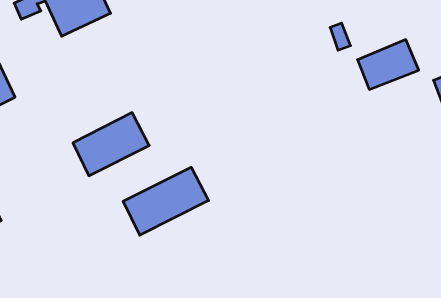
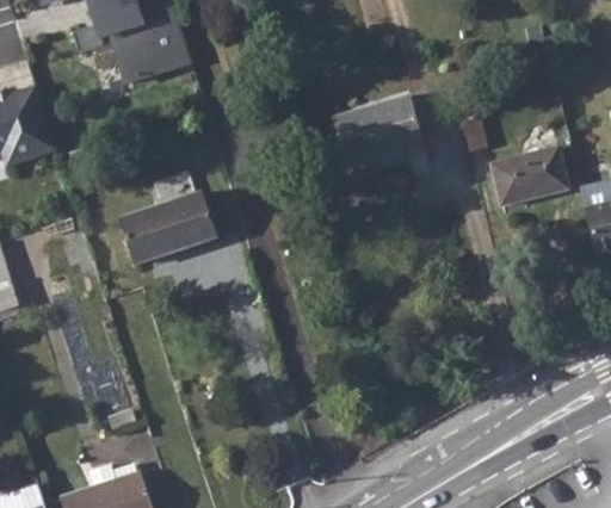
building: none -> [332,97,425,166]
building: [123,167,209,235] -> none

